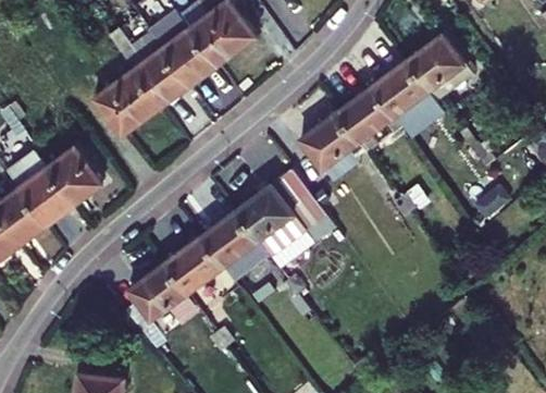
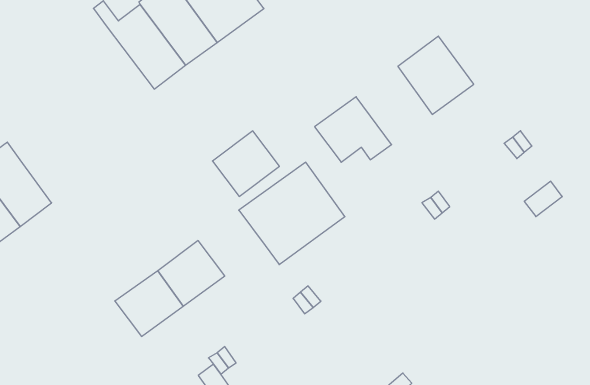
building: [407,35,473,102] -> none
building: [88,53,162,136] -> none
building: [336,87,401,155] -> none
building: [47,146,103,205] -> none
building: [200,211,258,268] -> [212,131,279,196]

